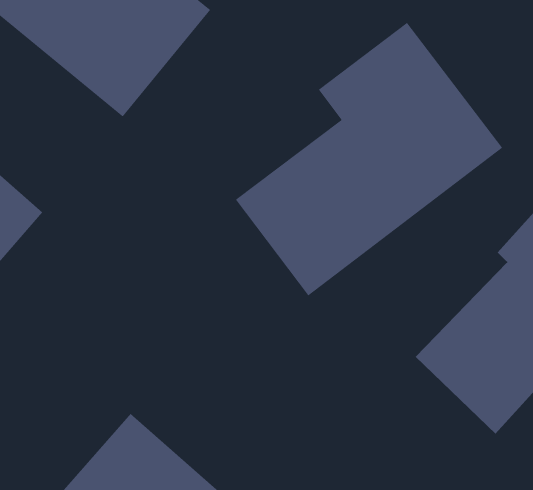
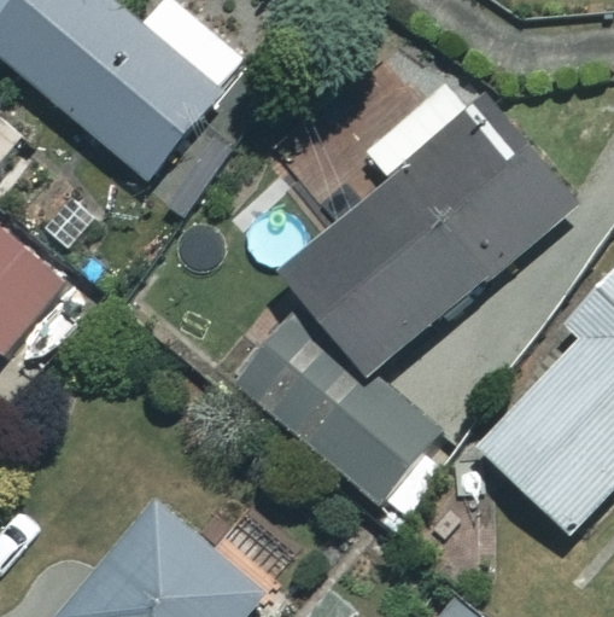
building: none -> [247,339,451,529]

